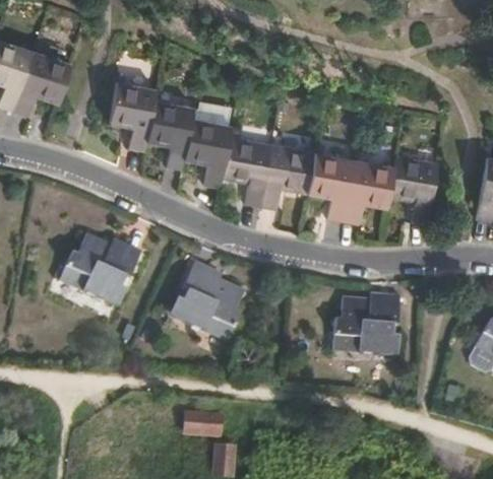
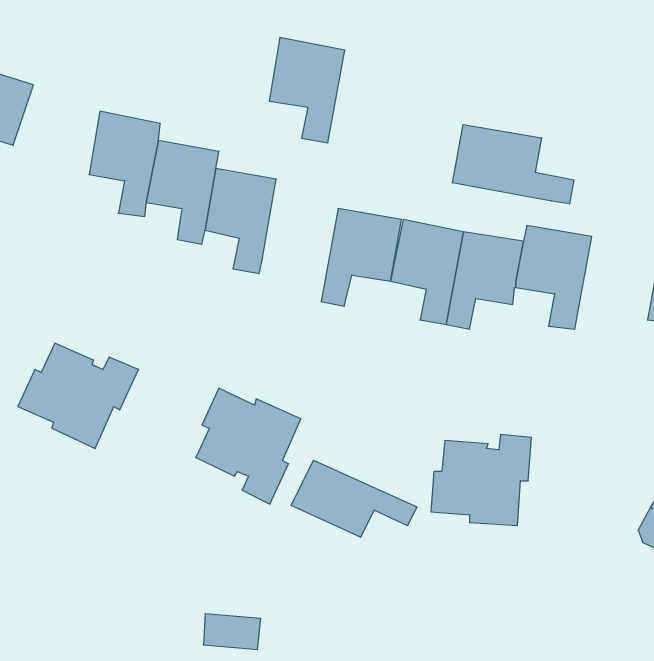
building: none -> [452,125,574,204]
building: [223,137,272,206] -> [269,38,345,143]
building: none -> [291,460,417,537]

